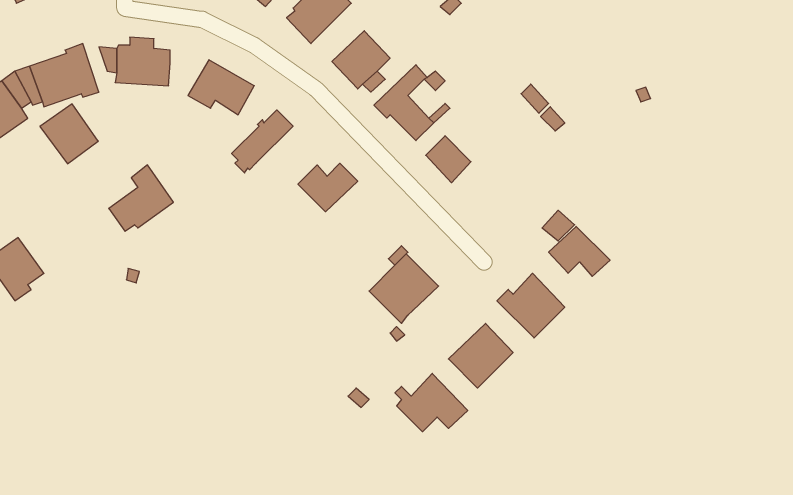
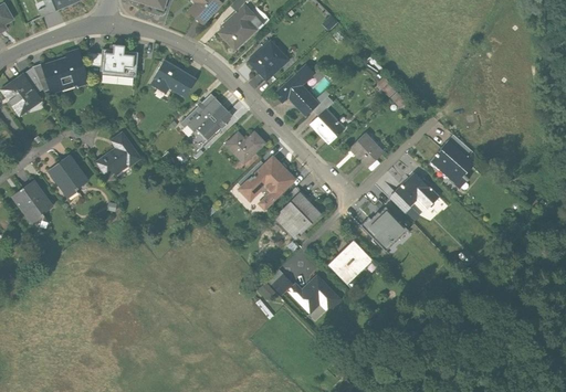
building: [40,104,98,164] -> [49,156,88,197]
building: none -> [197,105,233,141]
building: none -> [349,133,384,167]
building: none -> [431,140,479,184]
building: none -> [239,156,296,210]

